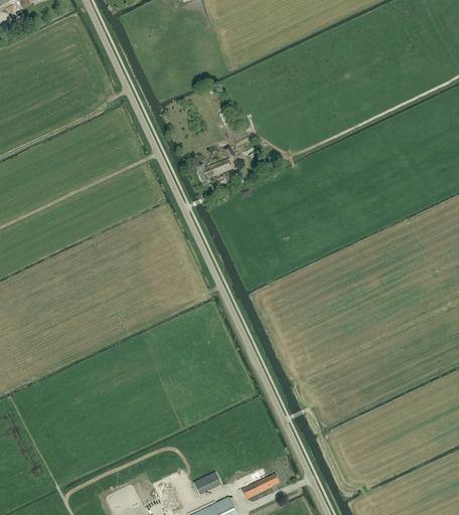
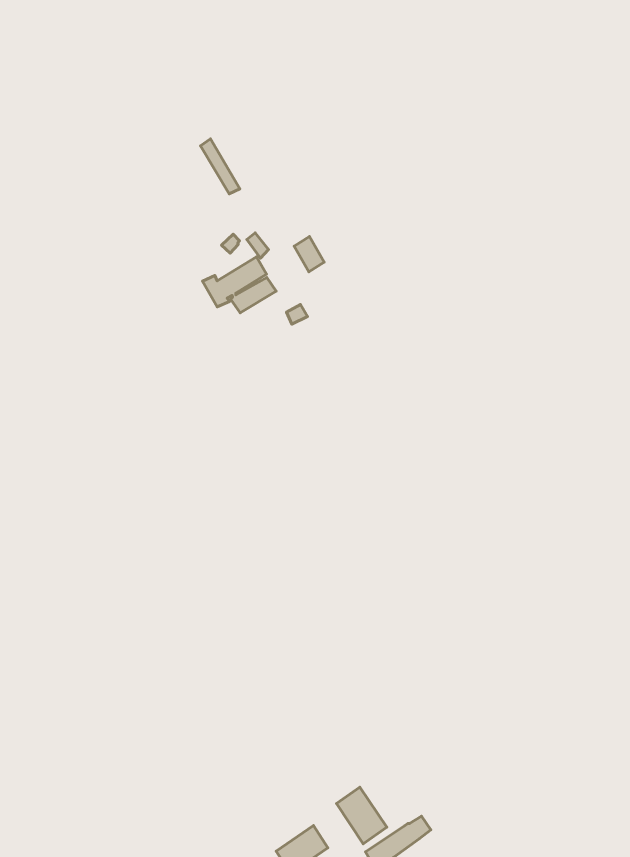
building: none -> [337,787,387,844]

